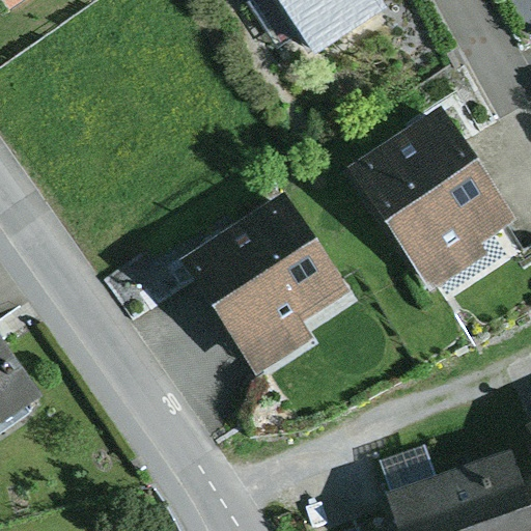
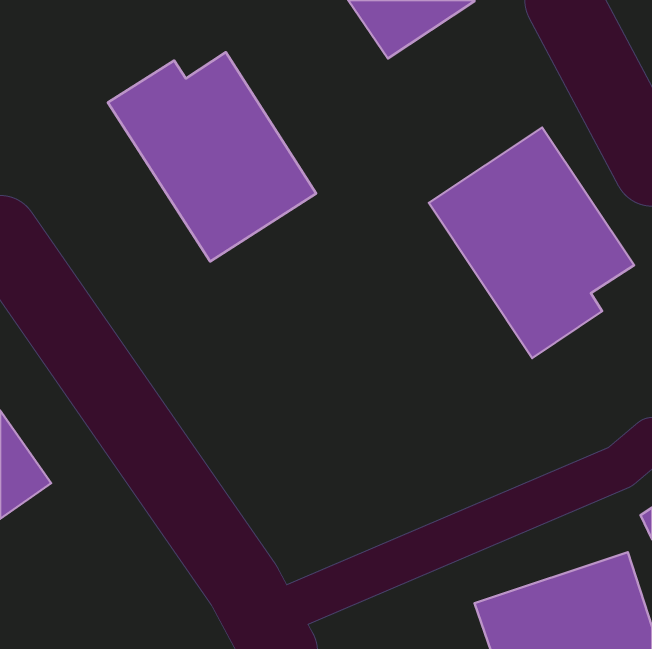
building: none -> [108,52,316,262]
building: [179,191,350,375] -> none

